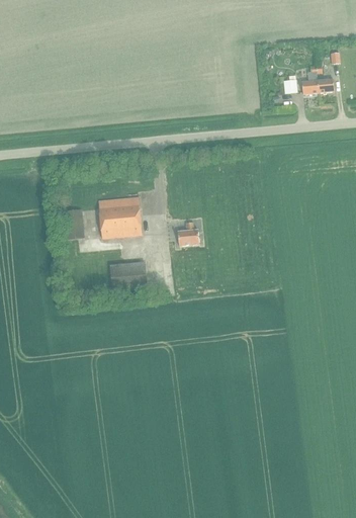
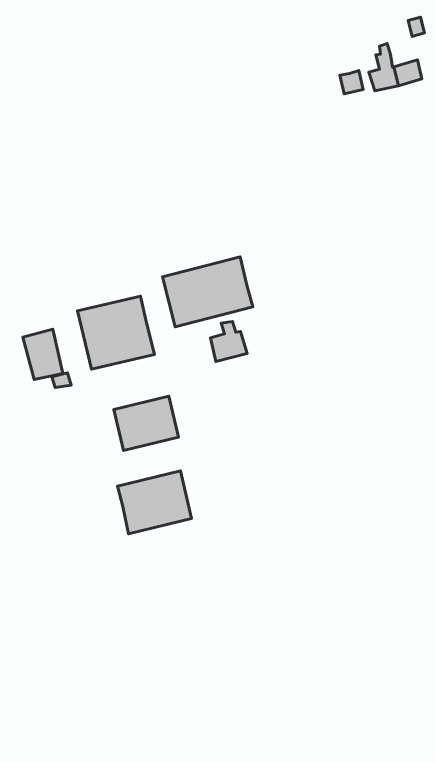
building: none -> [163,257,253,327]
building: none -> [117,471,192,534]

